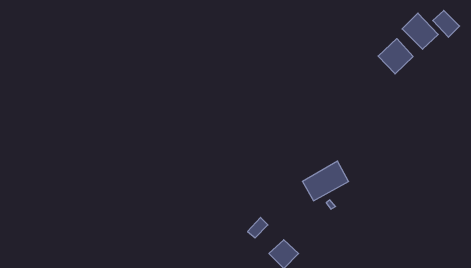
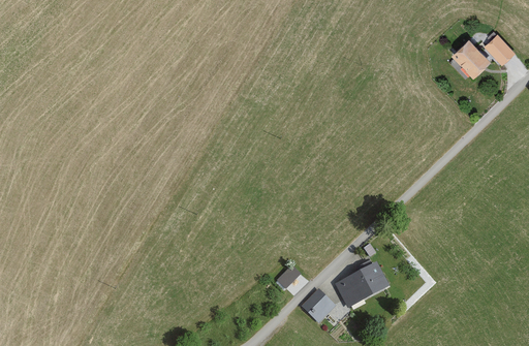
building: [378,39,413,74] -> none
building: [302,161,349,201] -> [336,262,387,307]

